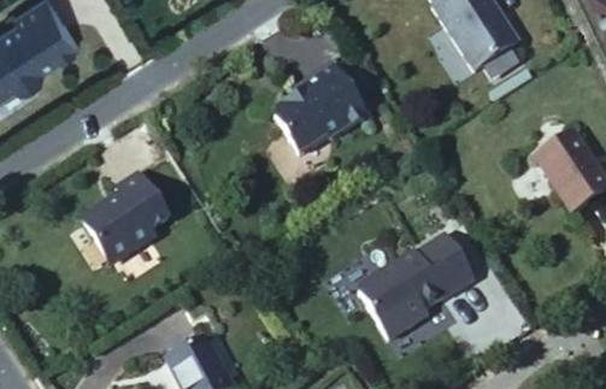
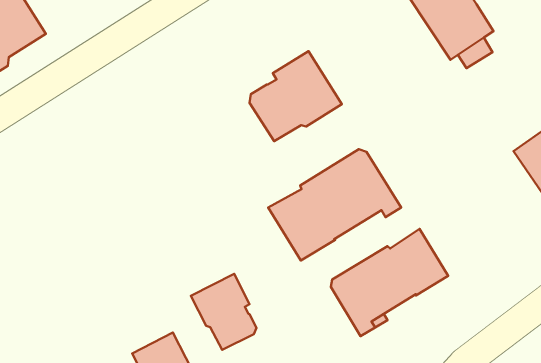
building: none -> [268,149,401,260]
building: [80,169,166,259] -> none
building: none -> [191,274,256,350]

